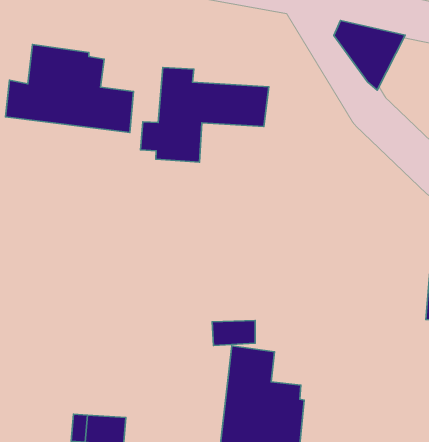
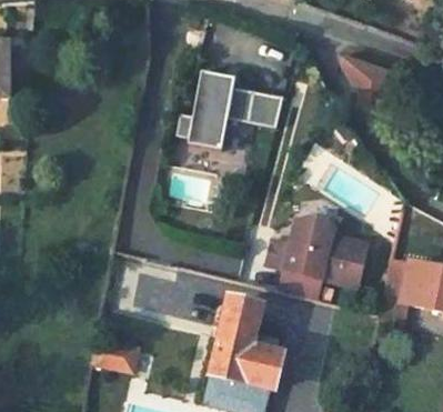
building: [6,45,134,132] -> none
building: none -> [269,220,370,301]

